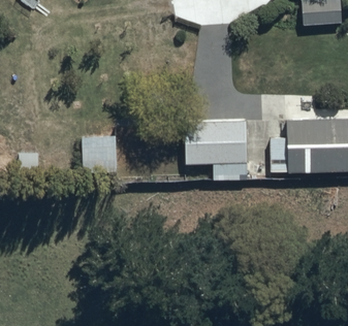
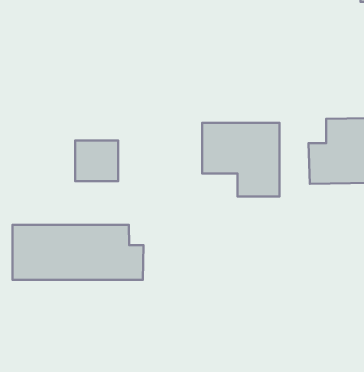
building: none -> [13,225,143,280]

